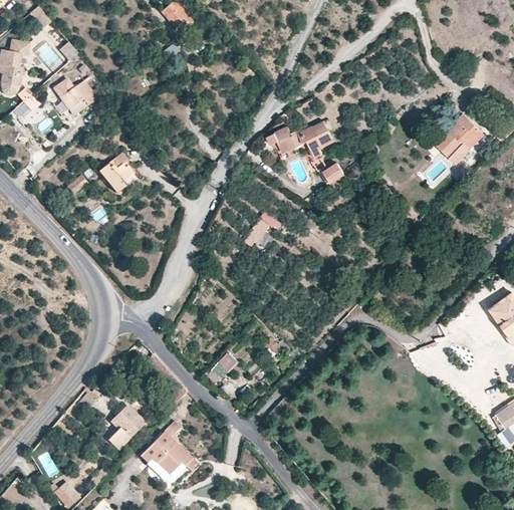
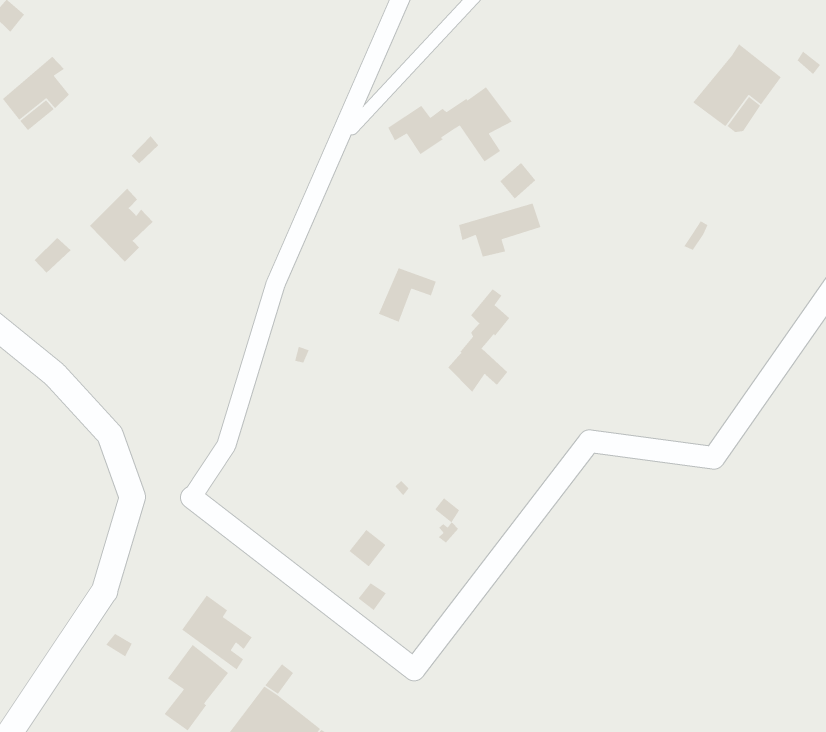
building: none -> [458,203,542,257]
building: none -> [447,288,510,393]
building: none -> [181,594,253,670]

